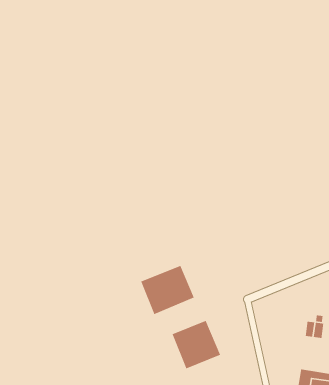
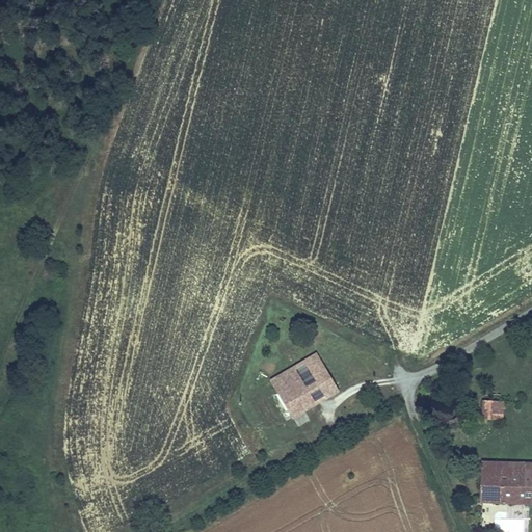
building: [172,320,221,370] -> none

